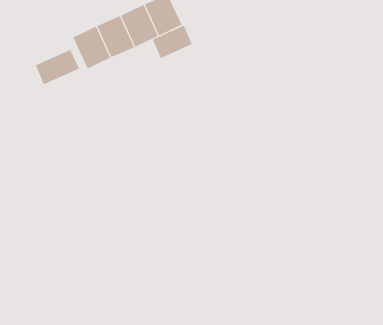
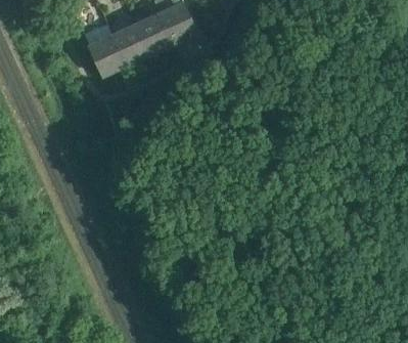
building: [152,25,193,59] -> none
building: [35,49,80,85] -> none

